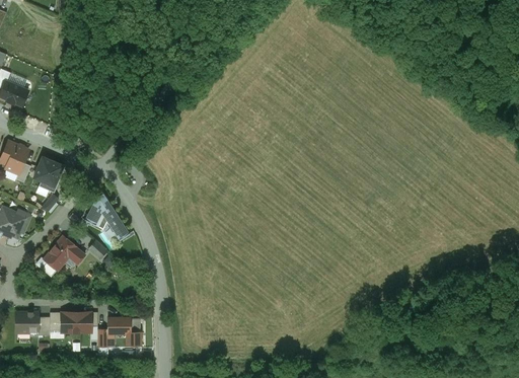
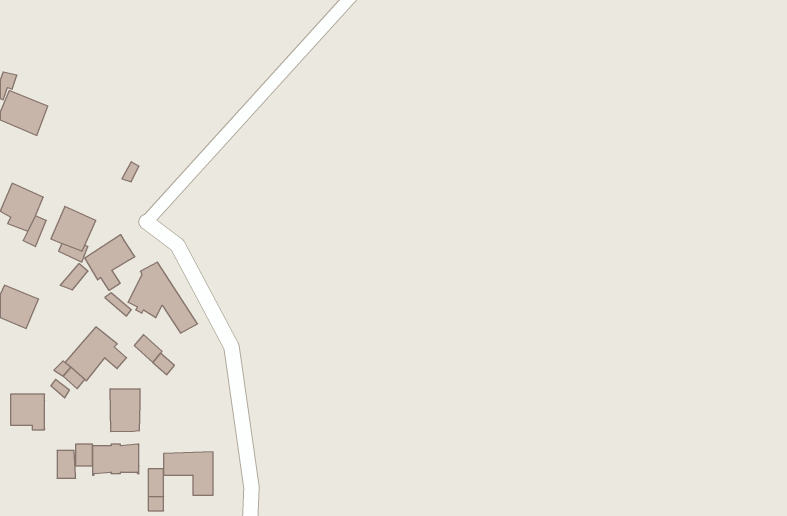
building: none -> [85,235,135,290]
building: none -> [110,389,140,432]
building: [15,313,38,336] -> [11,394,45,430]

